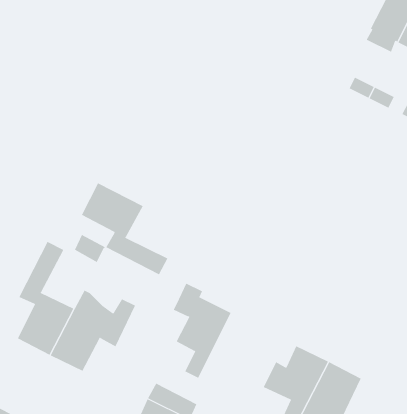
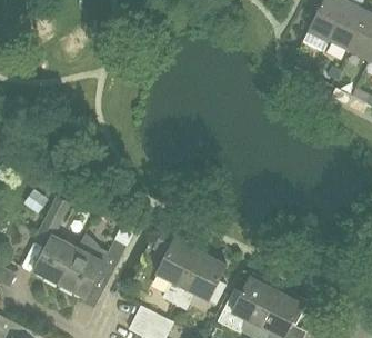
building: [81,182,168,275] -> none
building: none -> [174,251,225,308]

